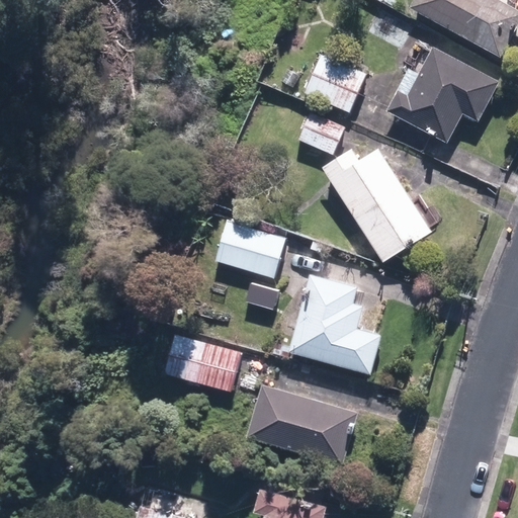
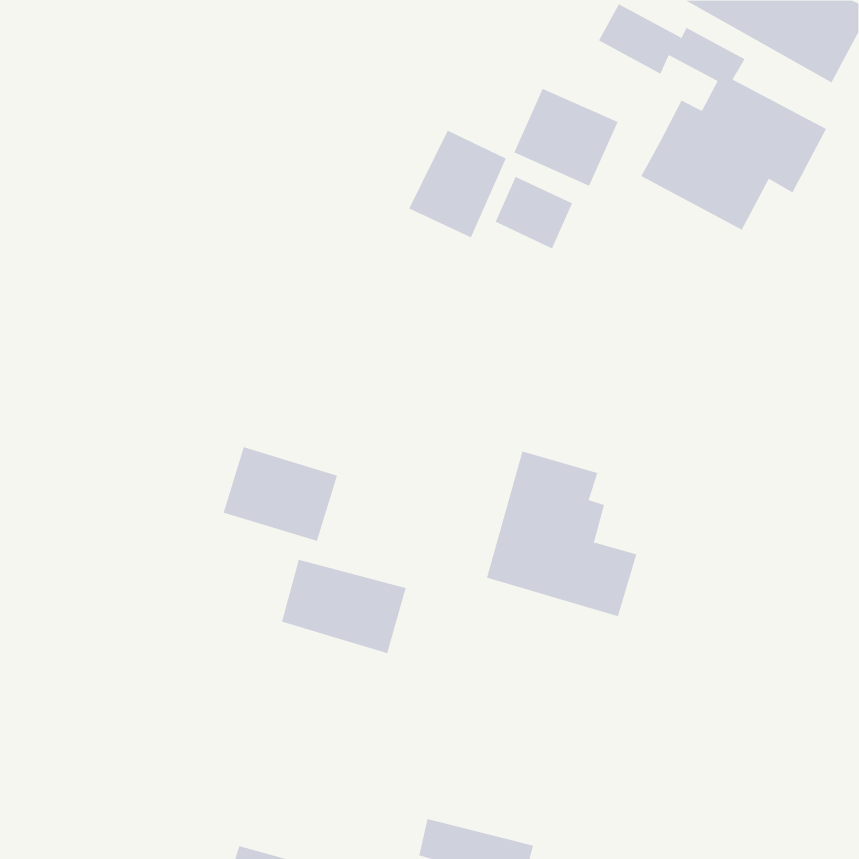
building: none -> [409,130,507,238]
building: [329,153,435,265] -> none
building: [215,220,284,276] -> [223,447,338,541]
building: [248,385,357,464] -> none

